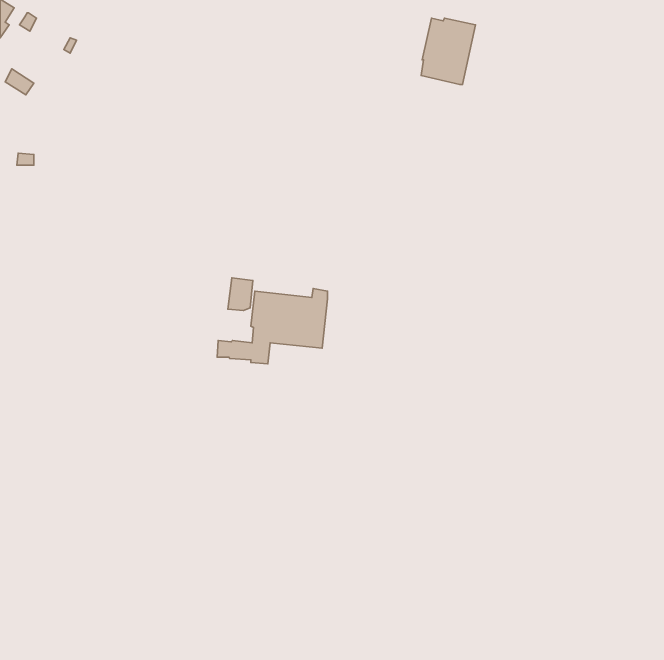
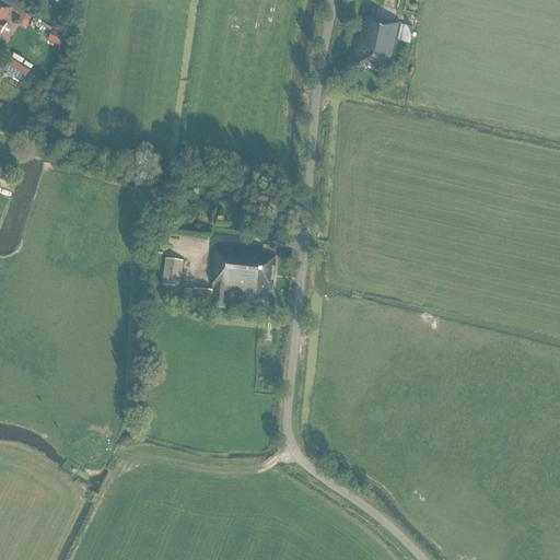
building: [228,278,253,310] -> [162,257,183,284]

